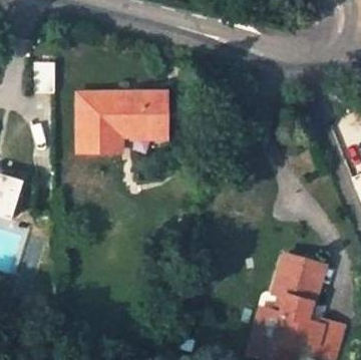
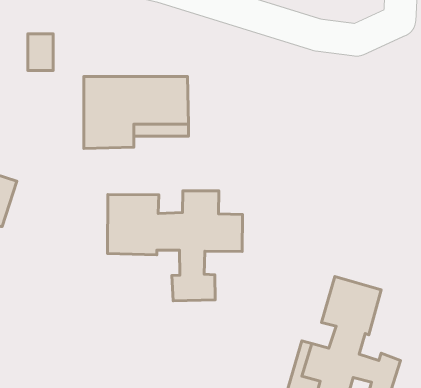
building: none -> [108,191,242,301]

